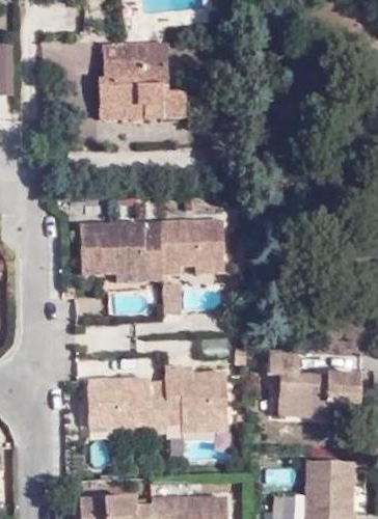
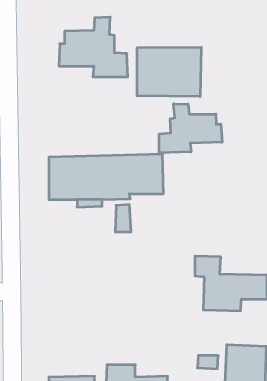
building: none -> [137,47,201,97]
building: none -> [159,104,222,153]
building: [91,366,233,436] -> none

